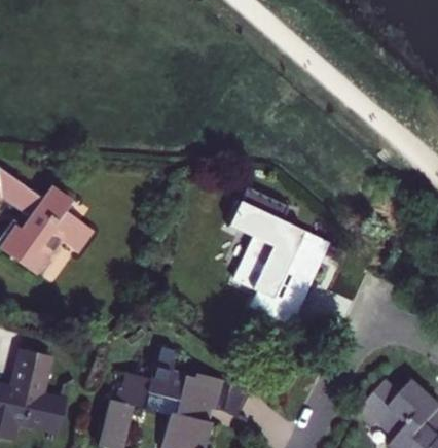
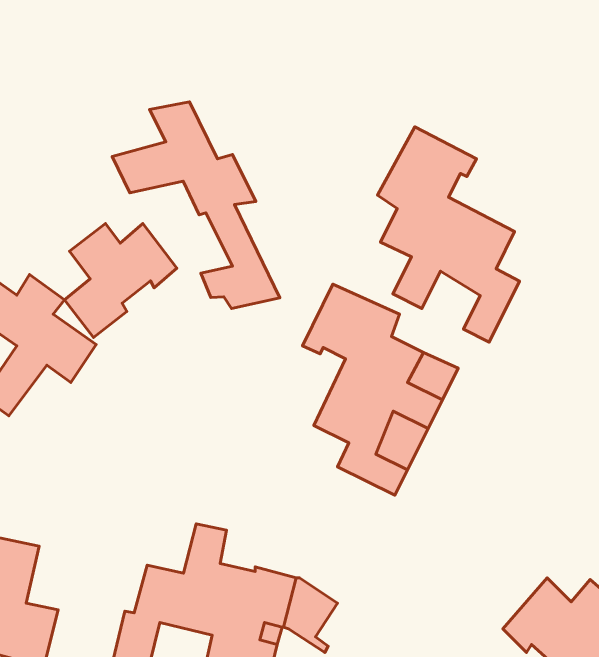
building: none -> [112,102,280,309]
building: none -> [378,127,519,342]
building: none -> [64,223,177,338]

